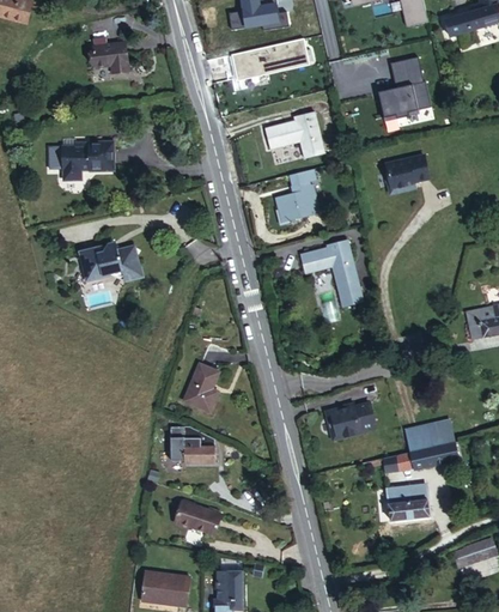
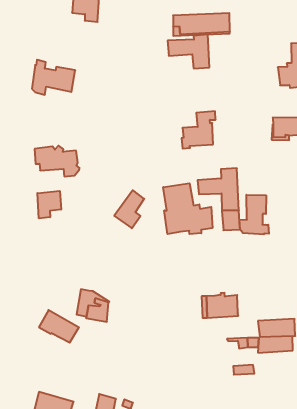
building: [266,109,325,156] -> [168,35,209,68]
building: none -> [240,195,269,234]
building: none -> [163,183,212,234]
building: none -> [37,191,61,218]
building: [183,362,218,411] -> [114,190,144,228]
building: [389,493,431,520] -> none
building: [174,497,225,534] -> [39,310,79,343]

